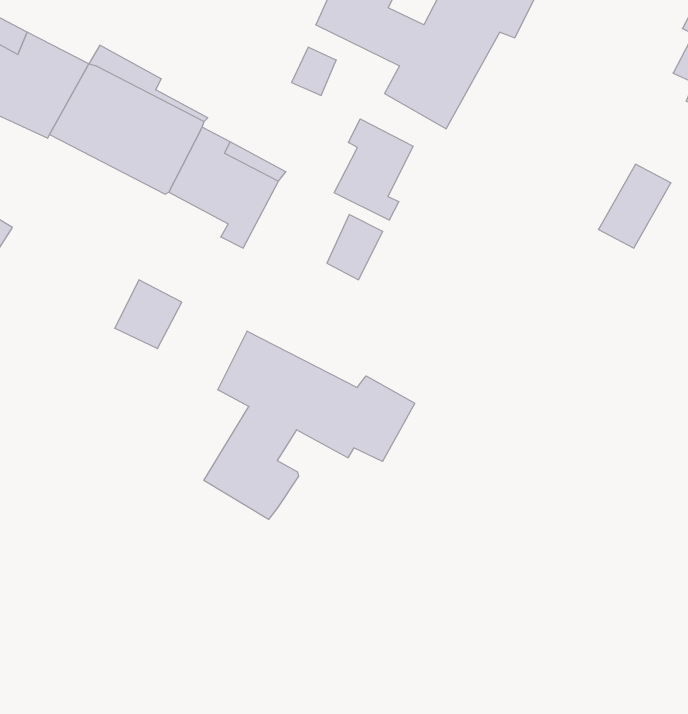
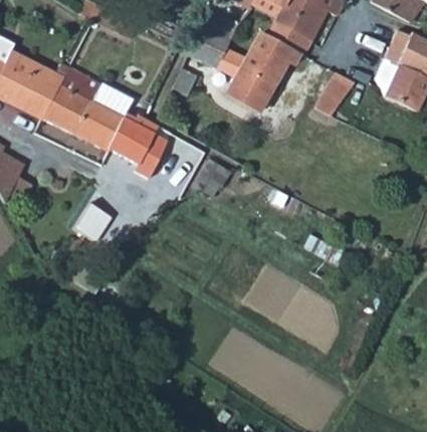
building: [334,119,413,220] -> none
building: [598,164,671,248] -> [313,70,353,116]
building: [204,331,415,519] -> none

